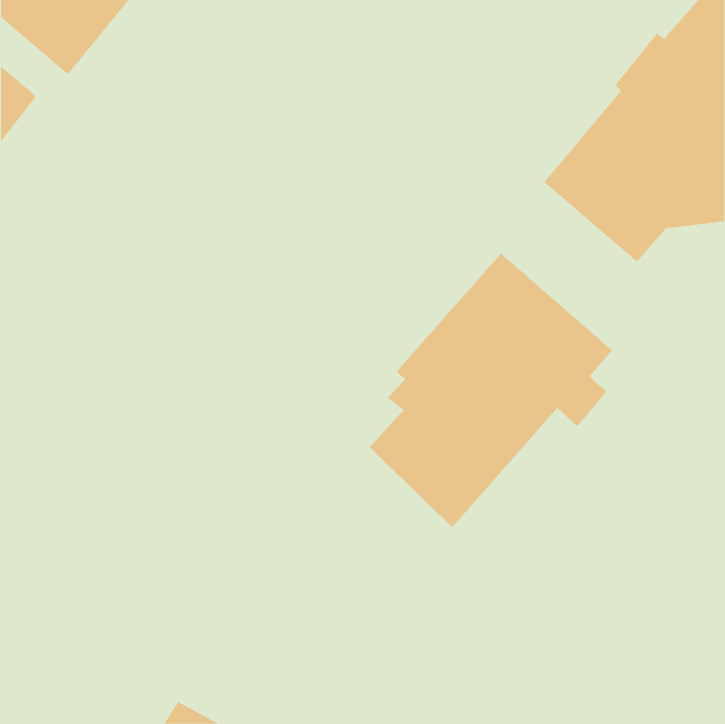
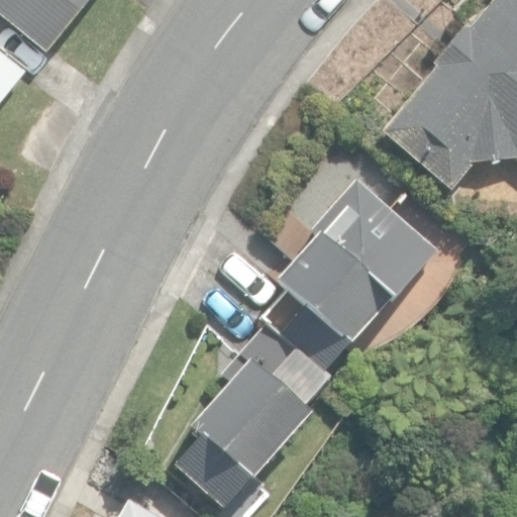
building: none -> [170,322,331,510]

